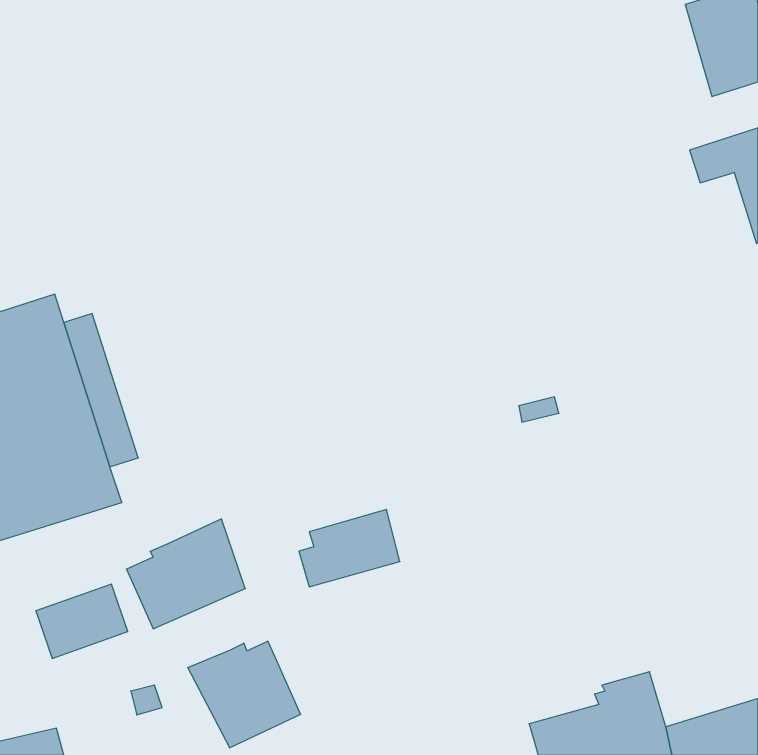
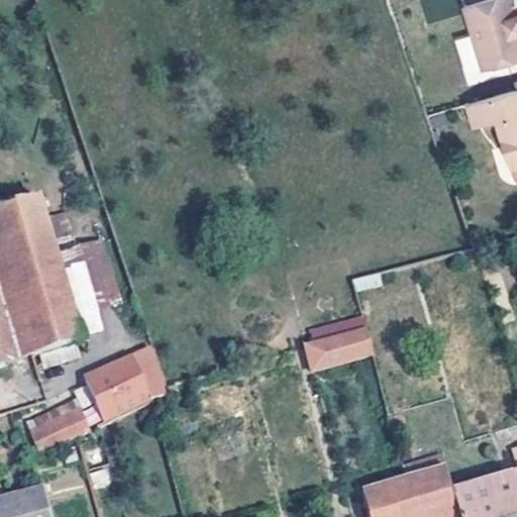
building: [299,510,400,587] -> [304,318,373,371]
building: [188,641,301,748] -> none

